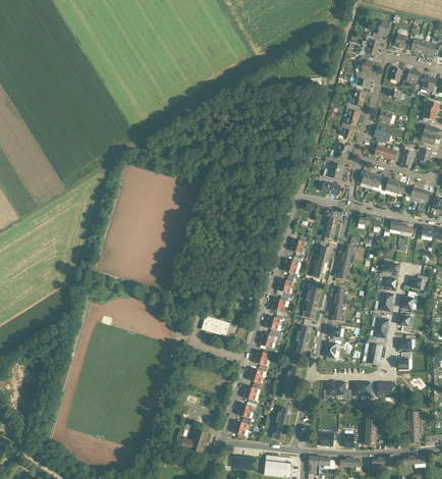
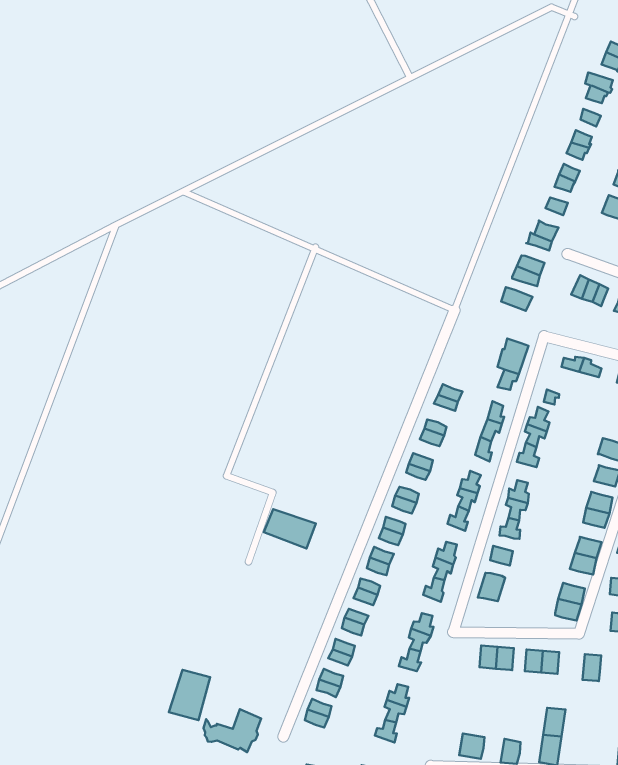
building: none -> [169,670,210,720]

